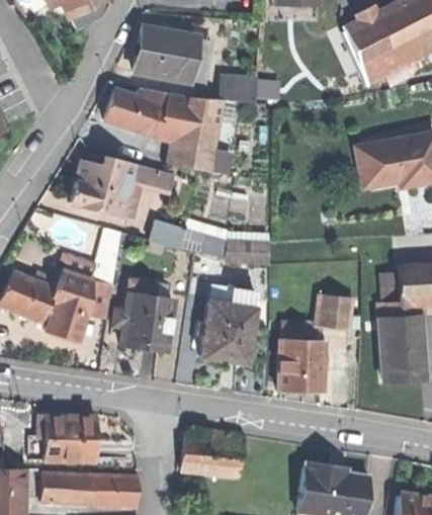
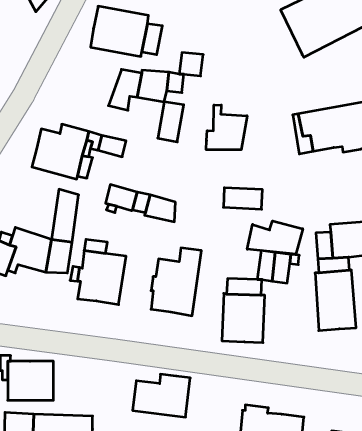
building: [106,90,168,136] -> none
building: [171,125,214,171] -> none
building: none -> [206,105,247,150]
building: [226,241,268,264] -> [223,188,262,209]
building: none -> [247,221,303,254]
building: [42,309,86,342] -> none

